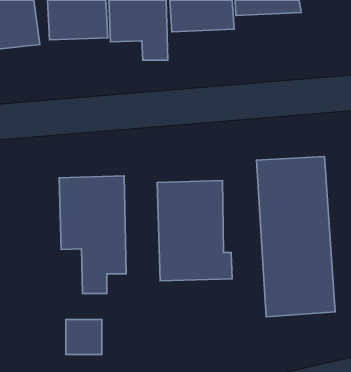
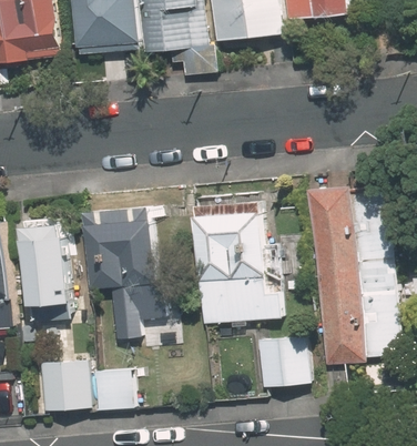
building: none -> [21,217,71,305]
building: none -> [256,335,308,386]
building: none -> [37,359,87,409]

